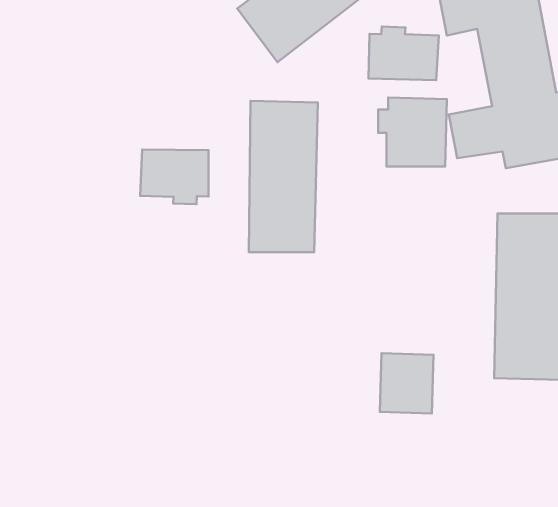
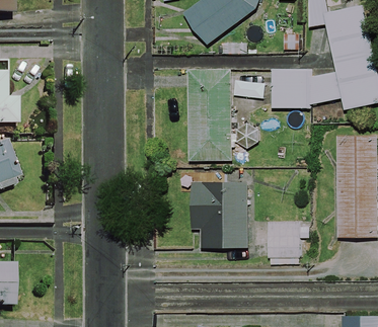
building: [369,27,439,80] -> none
building: [140,149,209,204] -> none
building: none -> [194,180,249,247]

